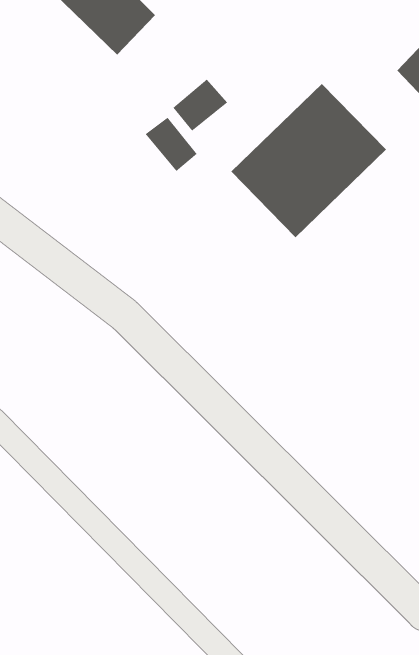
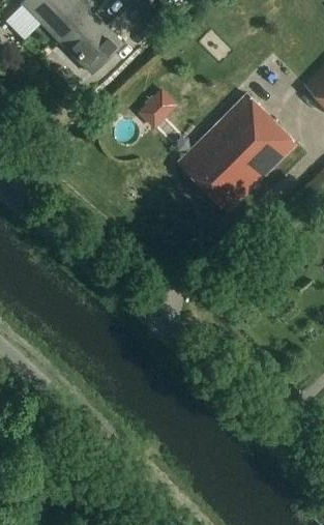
building: [145,117,198,172] -> none

